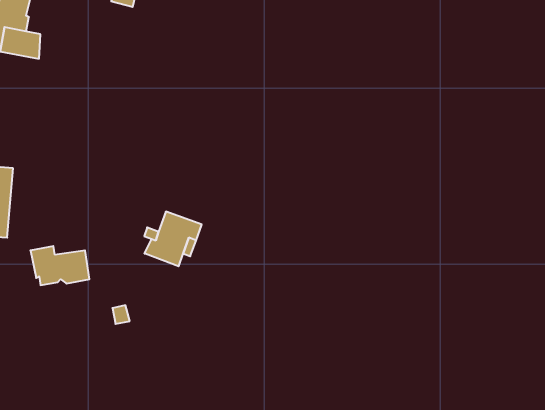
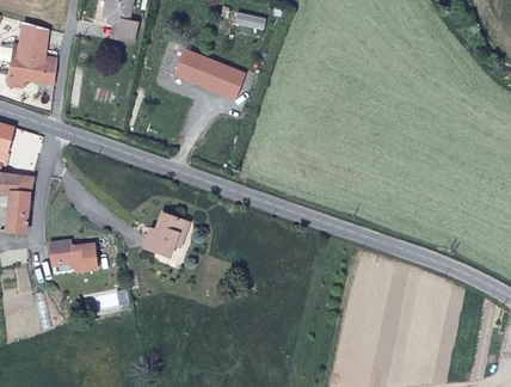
building: none -> [174,49,245,99]

